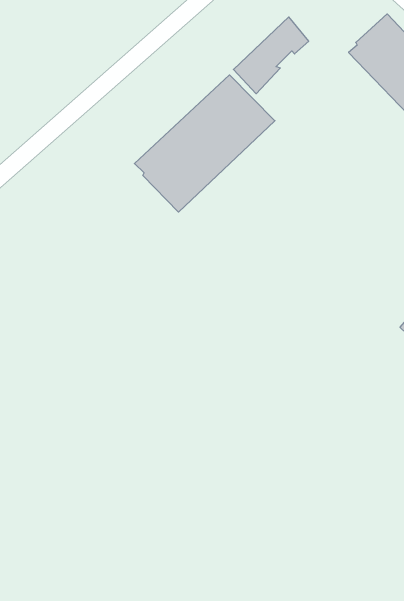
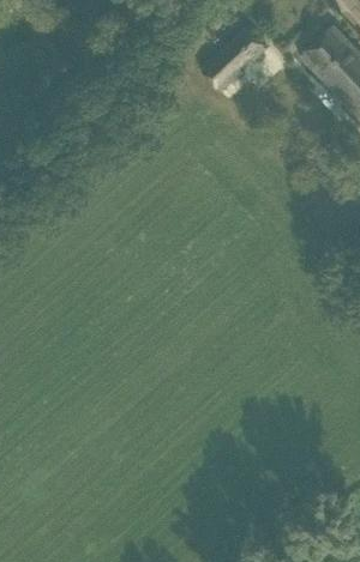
building: [134,75,275,212] -> none

